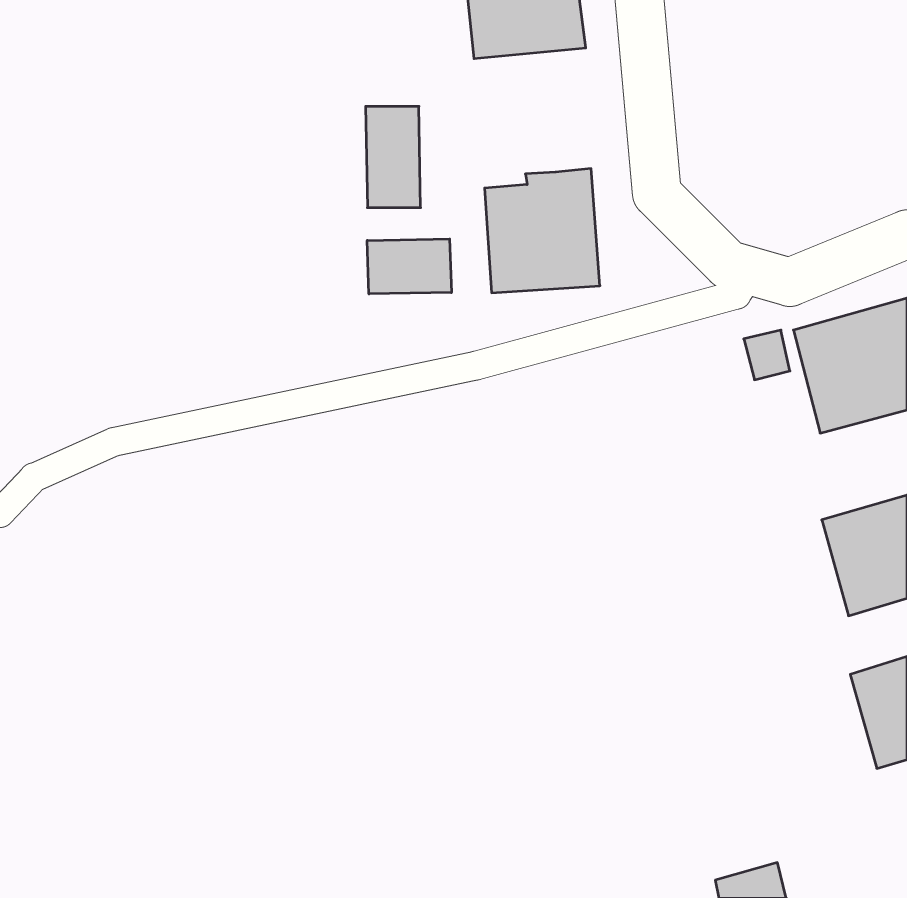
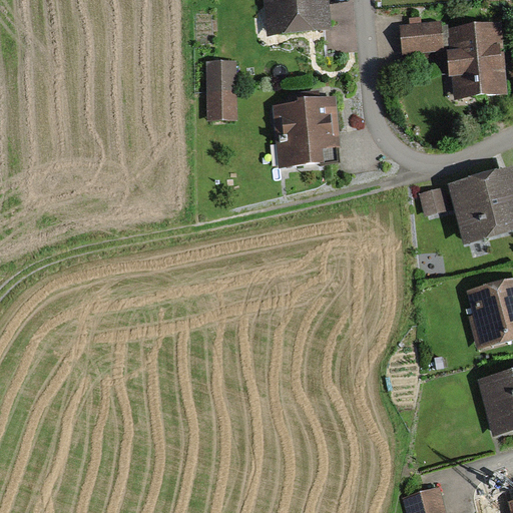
building: none -> [399,17,446,54]
building: none -> [448,23,505,97]
building: [367,239,451,294] -> none

